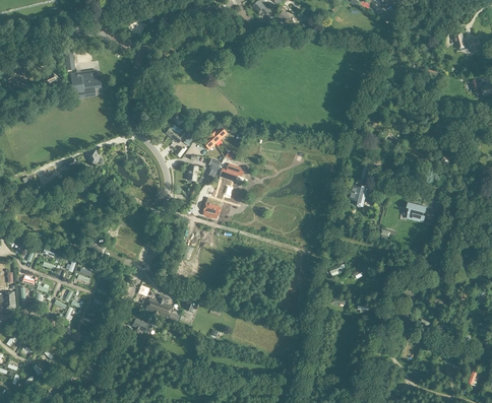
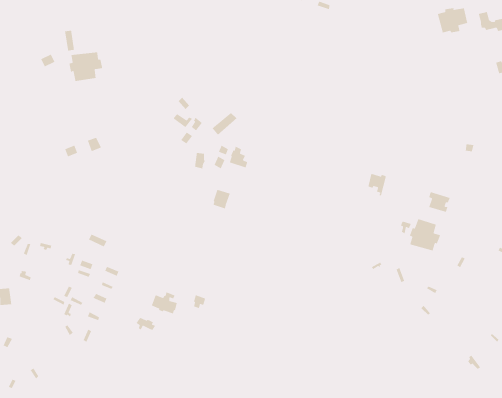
building: none -> [437,7,468,33]
building: none -> [409,218,441,251]

